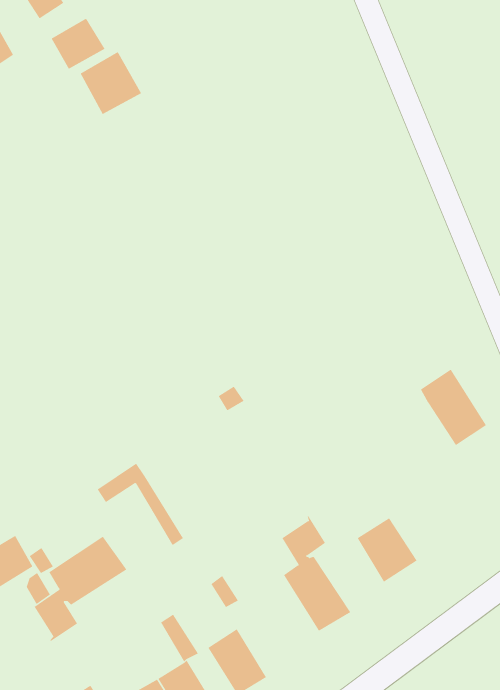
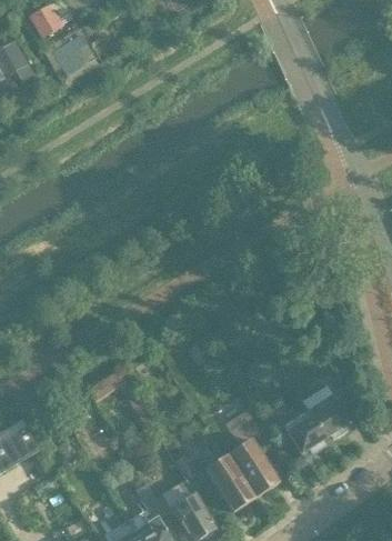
building: [80,51,142,115] -> none
building: [420,369,487,446] -> [302,384,352,442]
building: [34,536,127,642] -> none
building: none -> [204,453,254,511]

